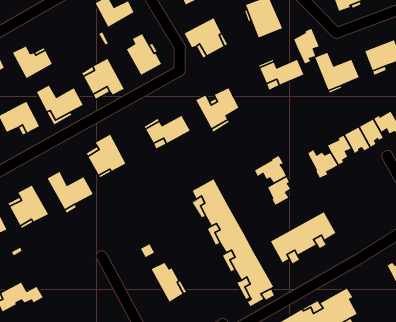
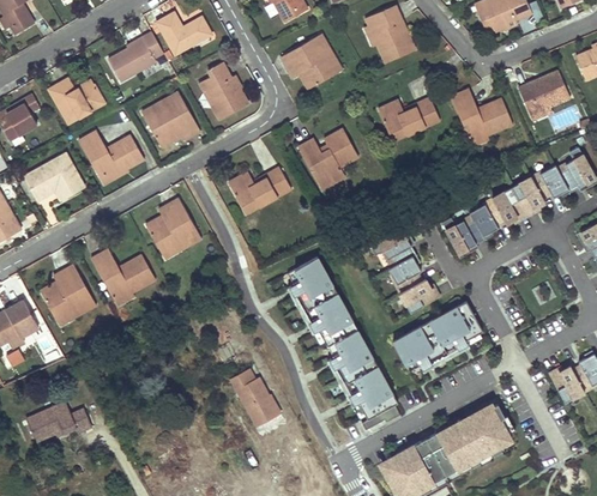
building: none -> [105,32,161,81]
building: [293,28,320,64] -> none
building: none -> [400,279,440,313]

